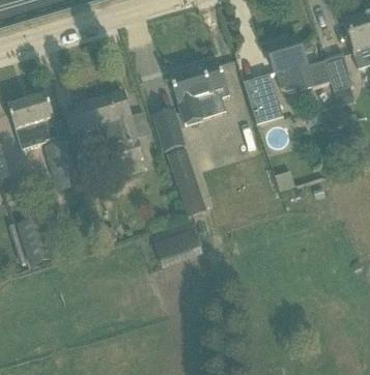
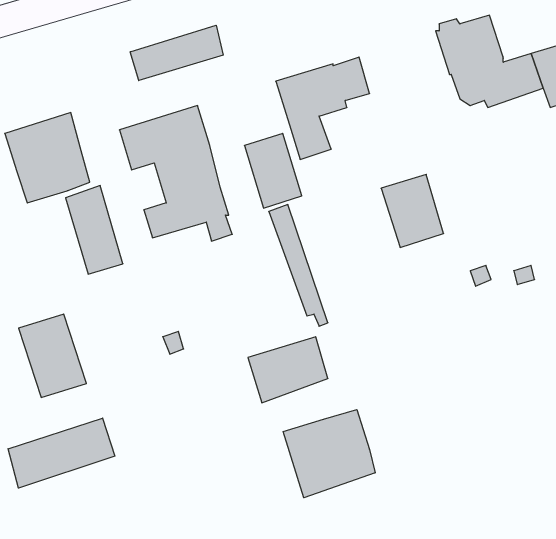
building: none -> [130,25,223,81]
building: [244,74,281,117] -> [381,174,444,247]
building: none -> [283,410,375,498]
building: none -> [8,418,115,488]

